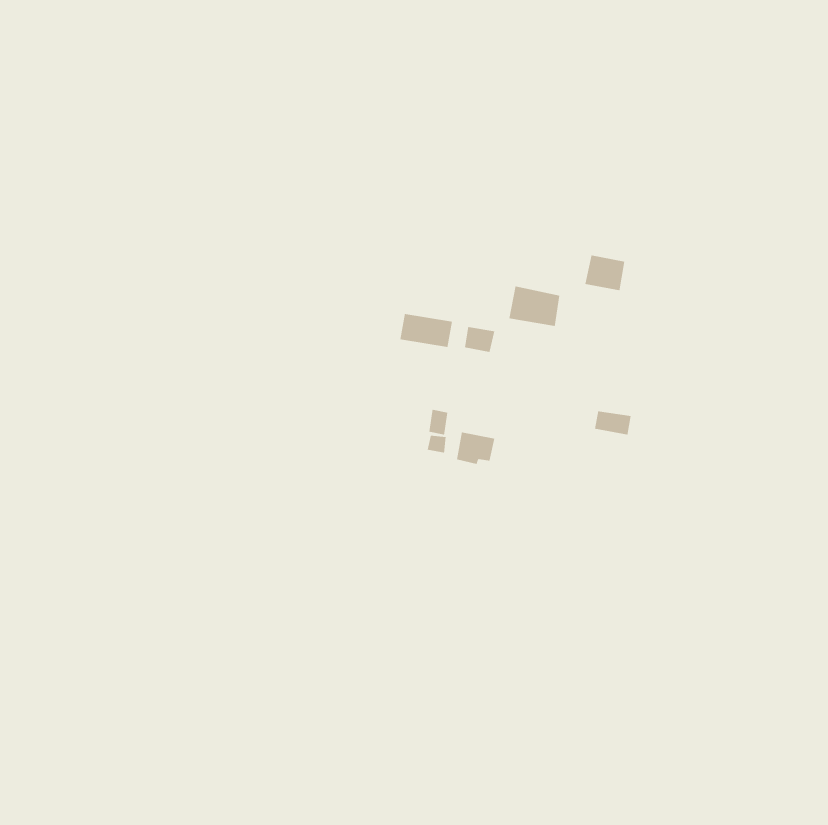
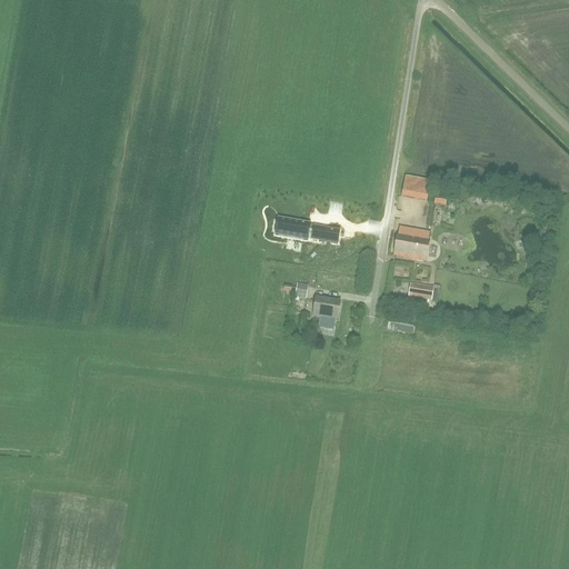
building: [508,286,560,326] -> [392,230,428,258]

